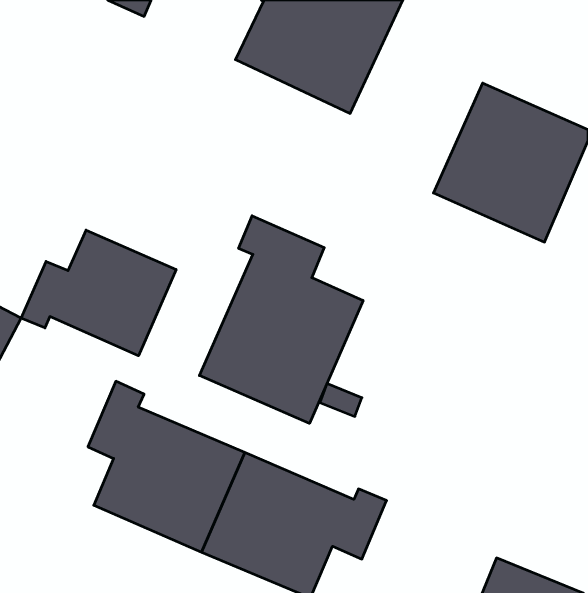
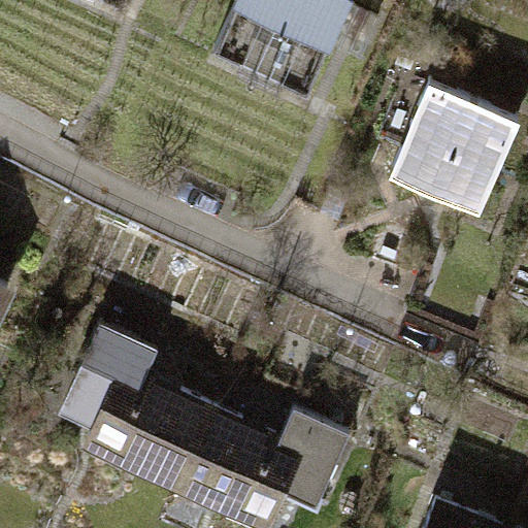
building: [199,216,363,423] -> none
building: [21,230,176,356] -> none

